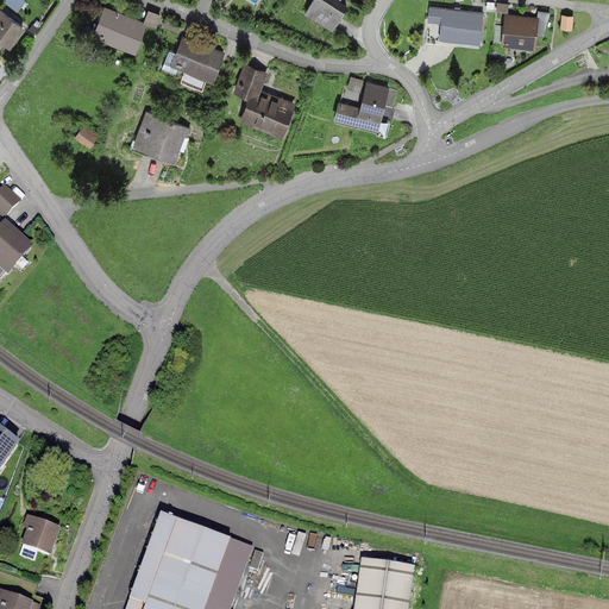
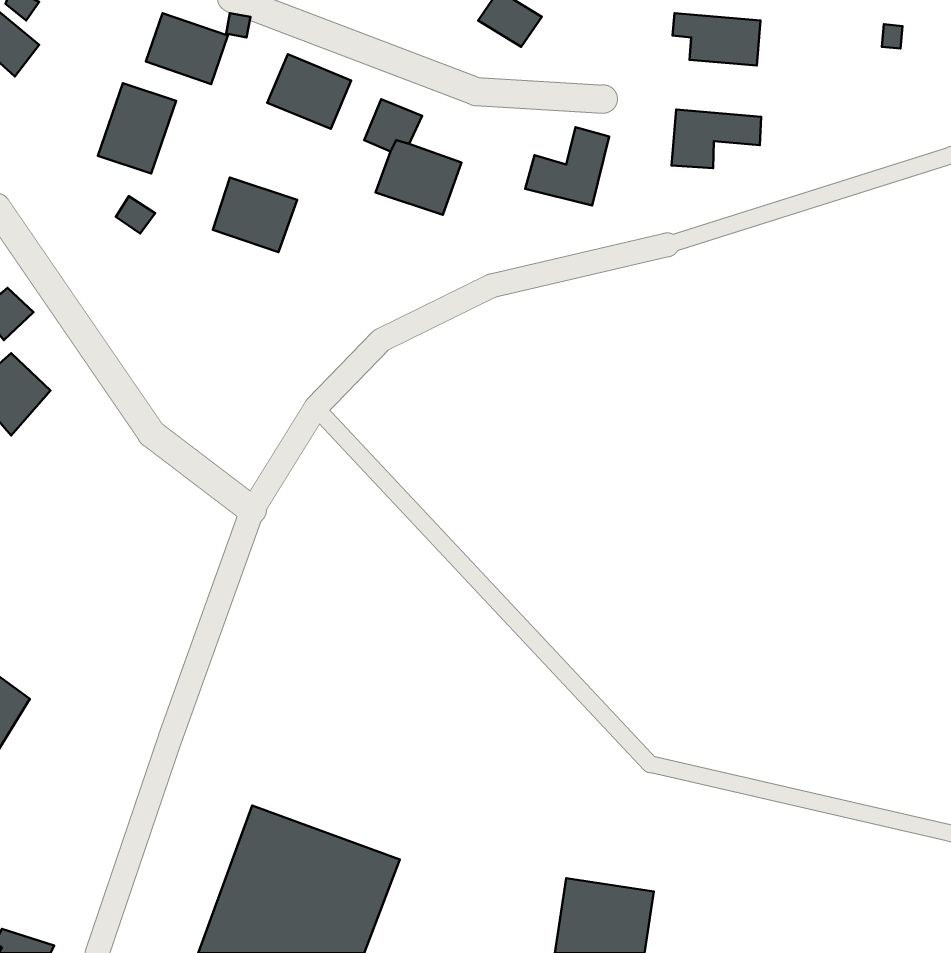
building: [502,15,539,49] -> none
building: none -> [98,83,176,174]
building: none -> [672,109,761,168]
building: [23,517,61,557] -> none

